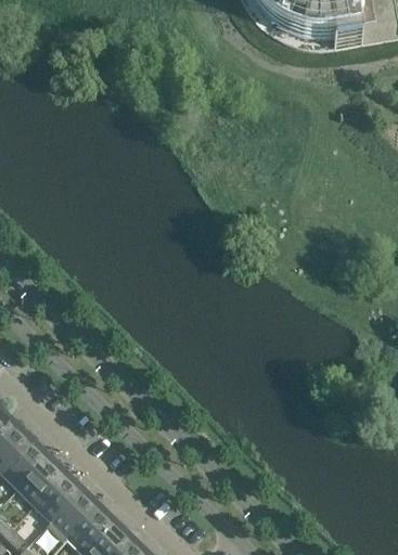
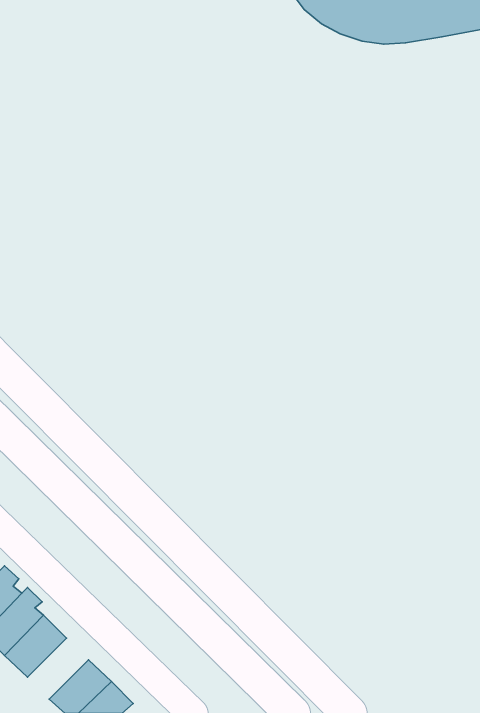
building: [35,480,85,531] -> none

